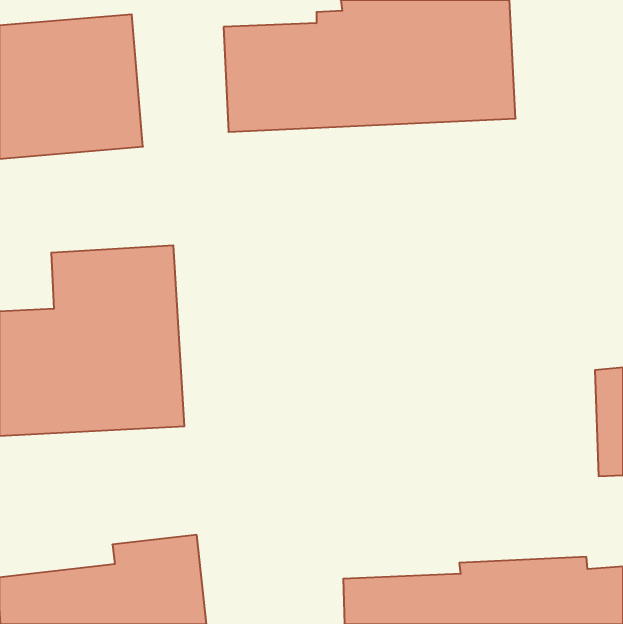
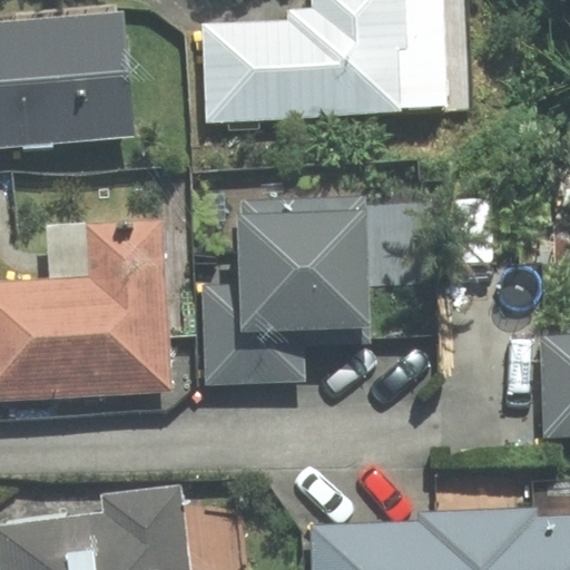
building: none -> [203,197,368,384]

